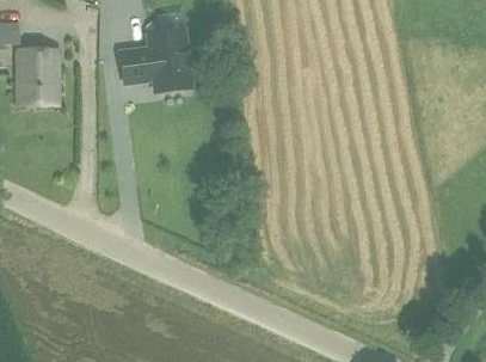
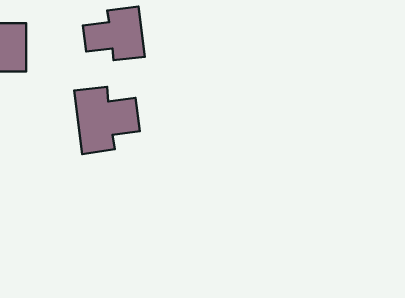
building: none -> [74,87,140,154]

